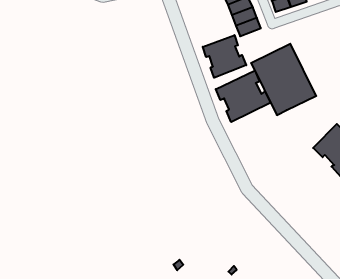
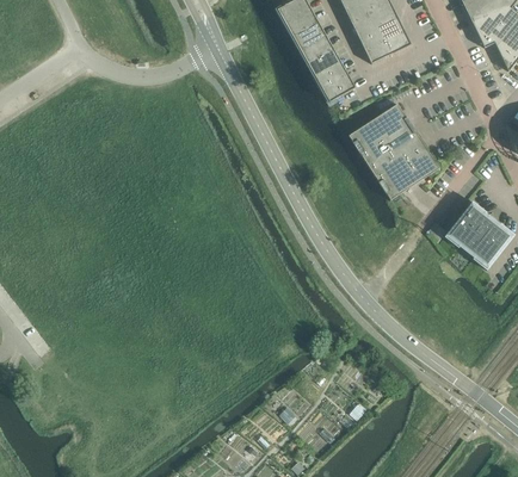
building: [203,35,246,78] -> none
building: [216,70,271,122] -> none

